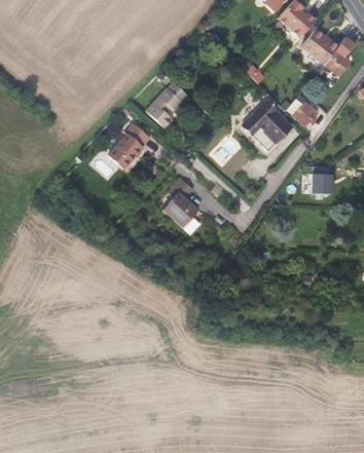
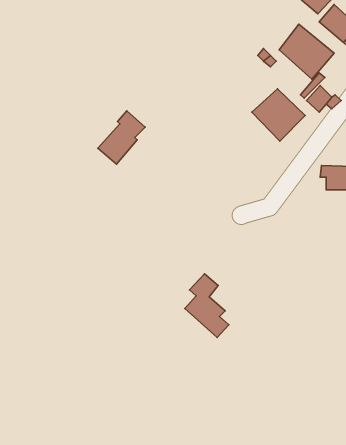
building: none -> [279,24,334,79]
building: [146,81,187,128] -> none
building: [165,179,204,235] -> [185,274,229,337]

